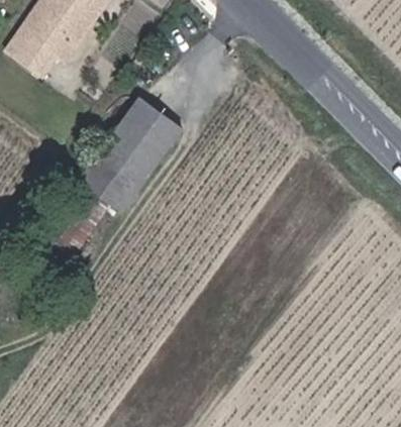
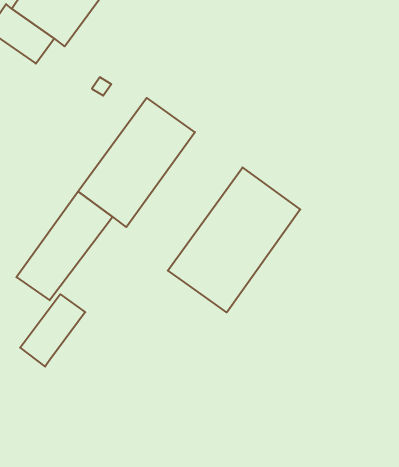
building: none -> [168,167,300,312]
building: none -> [20,294,85,367]

